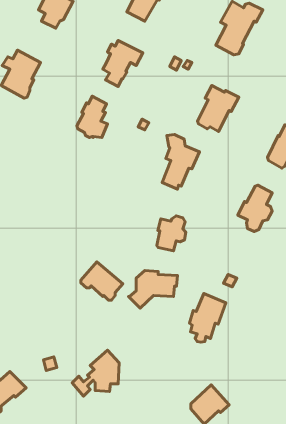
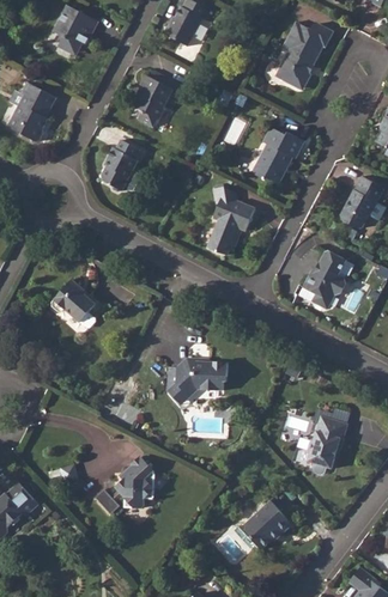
building: [157,216,186,251] -> none
building: [81,262,123,300] -> [51,279,104,327]
building: [189,293,226,342] -> [304,418,350,479]

